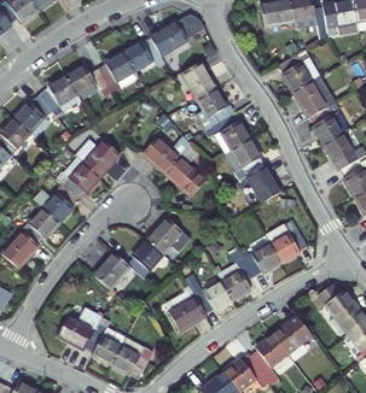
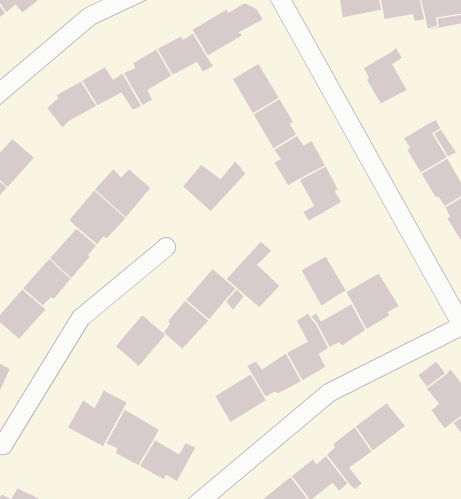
building: [292,76,331,118] -> none
building: [14,94,52,131] -> none
building: [164,143,205,194] -> [226,241,280,308]
building: [246,164,281,203] -> [300,256,347,307]

